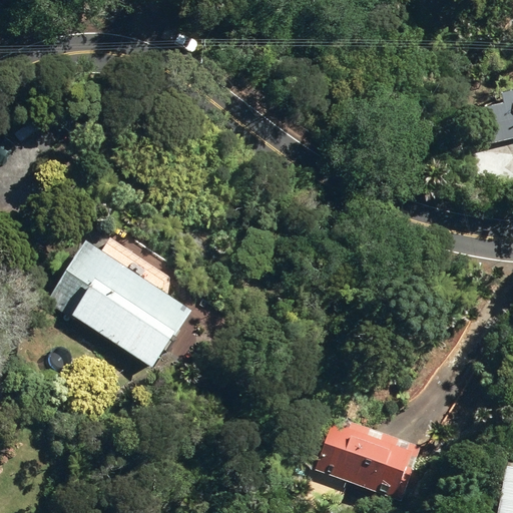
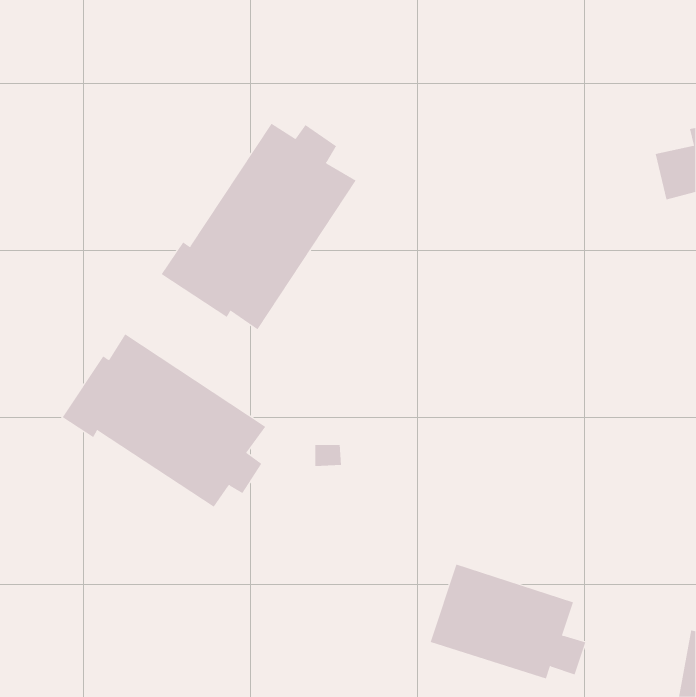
building: none -> [161,123,356,330]

